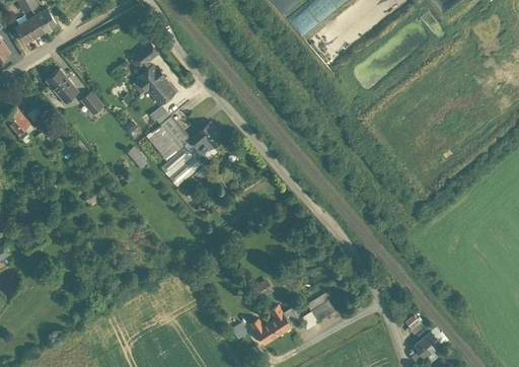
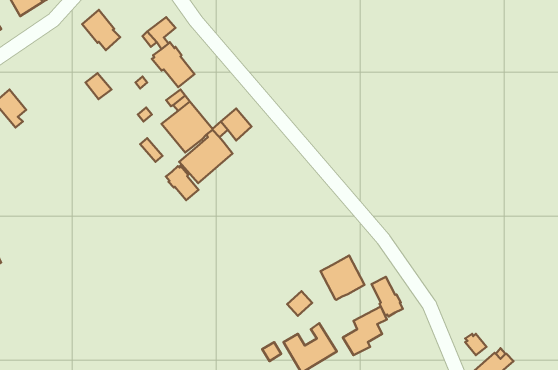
building: [46,68,78,102] -> [82,10,120,50]
building: none -> [166,166,198,200]
building: none -> [321,256,364,300]
building: none -> [372,277,403,316]

